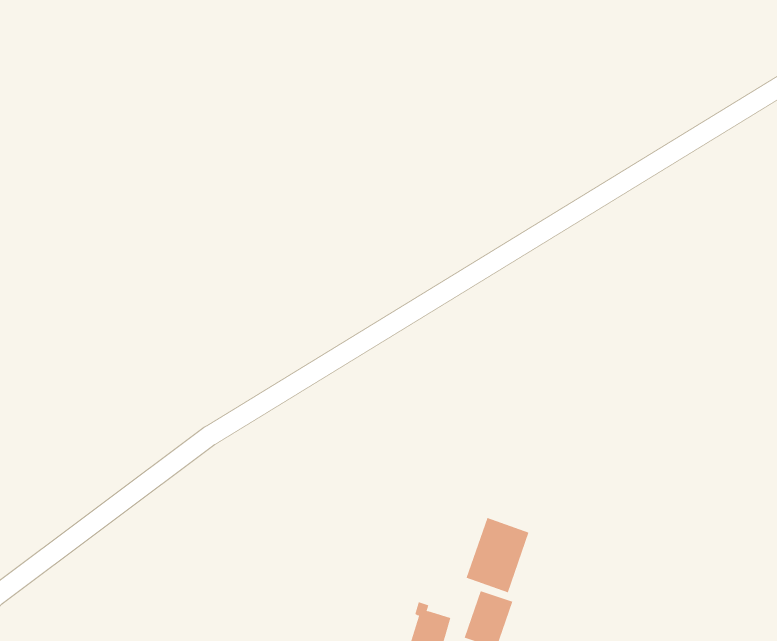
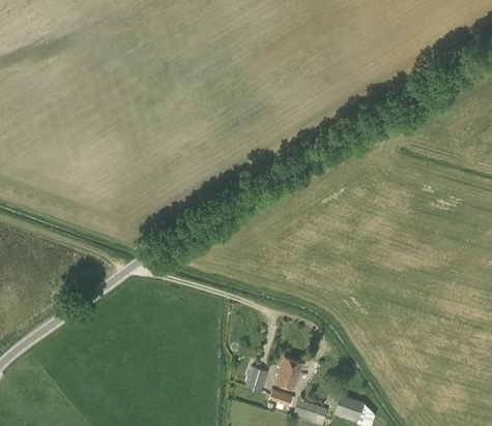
building: [466,517,529,593] -> none

